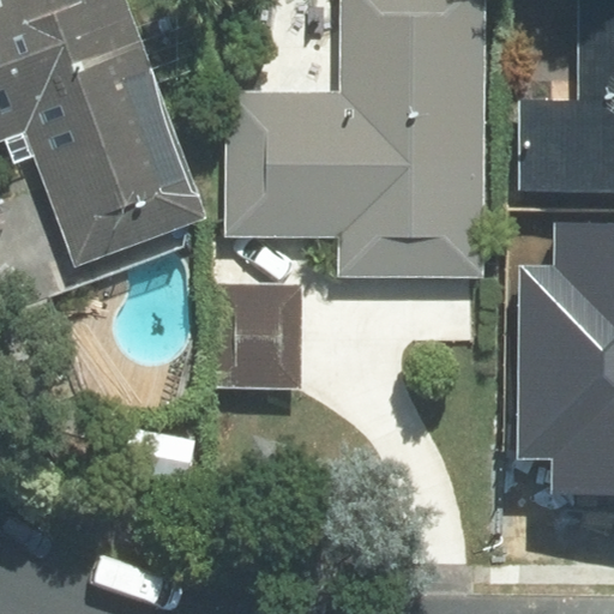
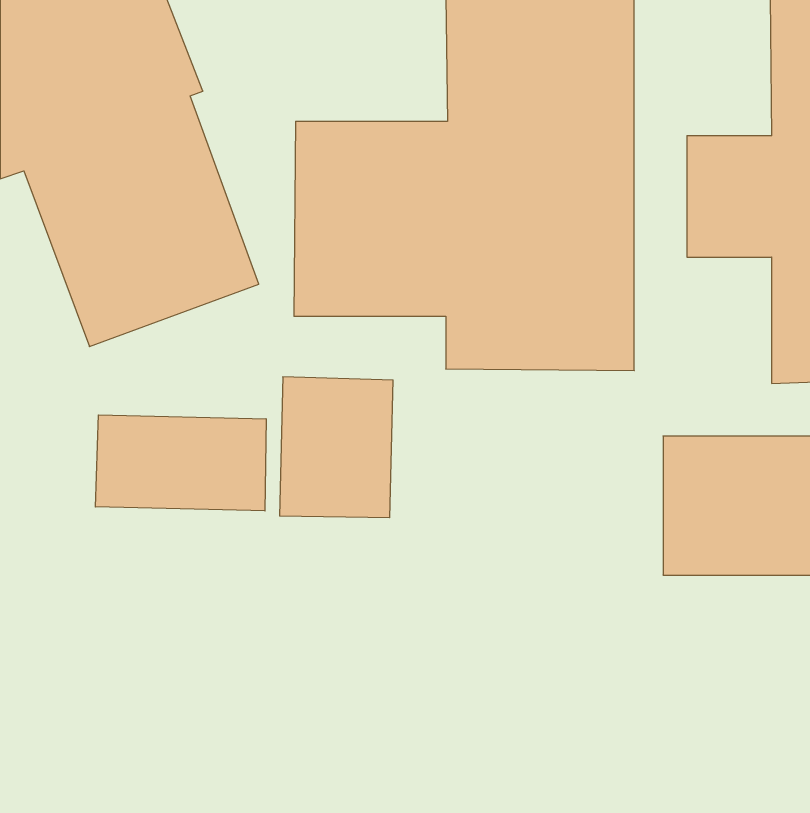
building: none -> [95,415,266,511]

